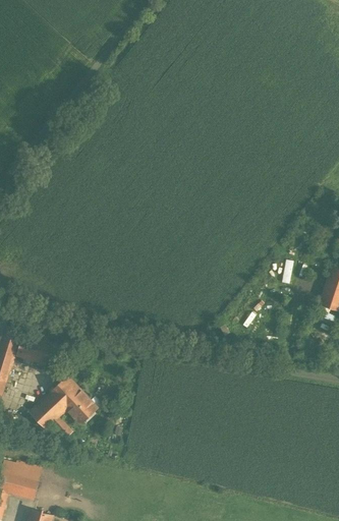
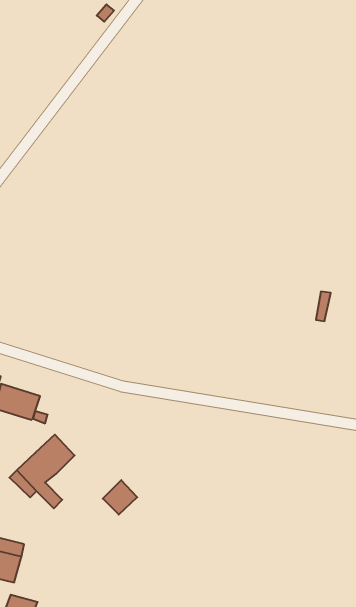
building: [68,395,97,423] -> [103,480,137,515]

